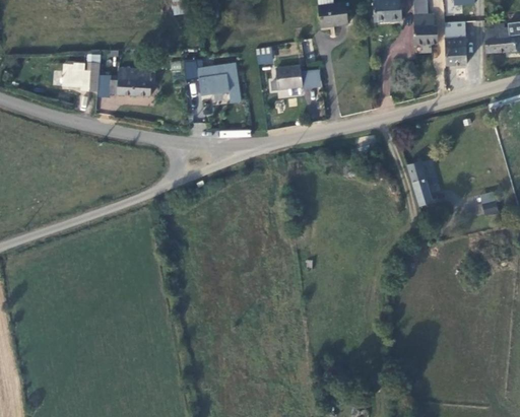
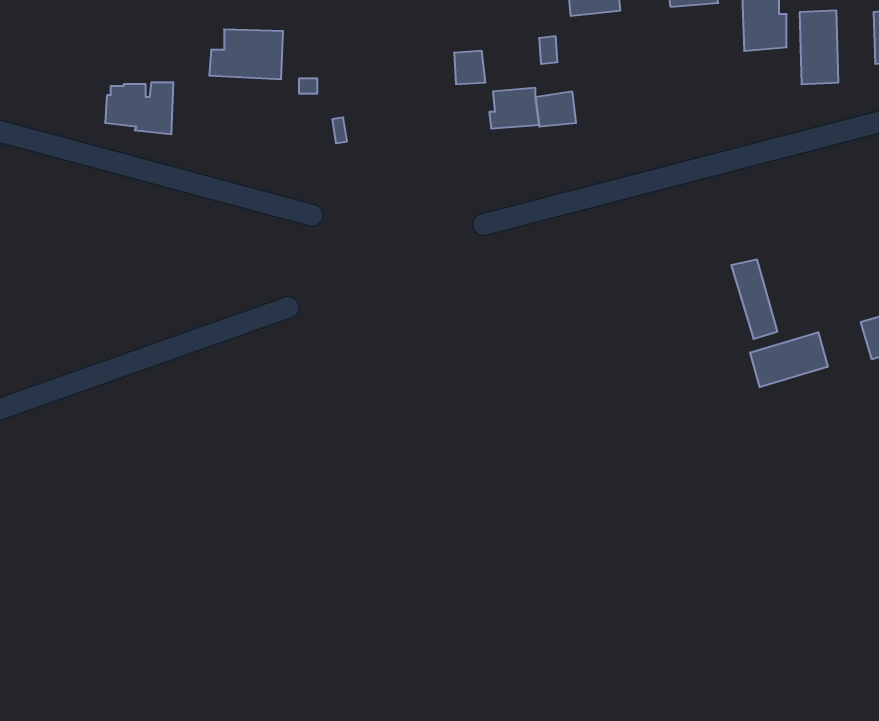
building: [198,64,241,103] -> none
building: [110,69,150,96] -> [209,29,283,79]
building: none -> [750,332,828,387]

